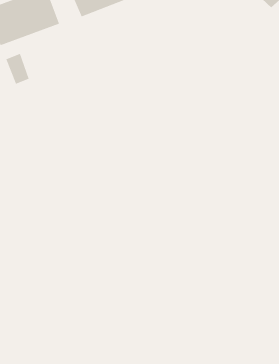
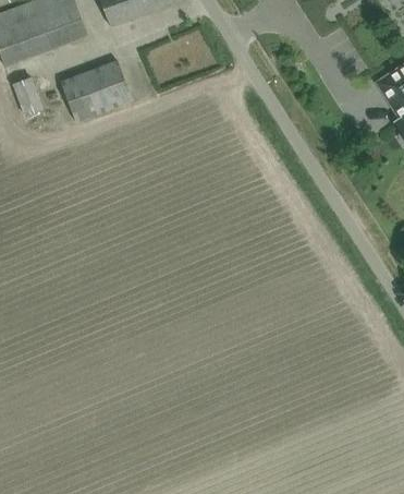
building: none -> [62,60,134,122]

